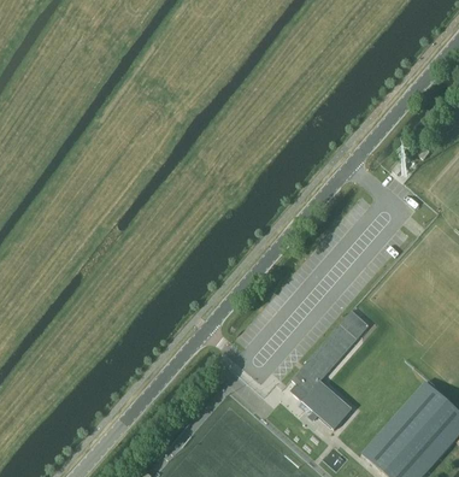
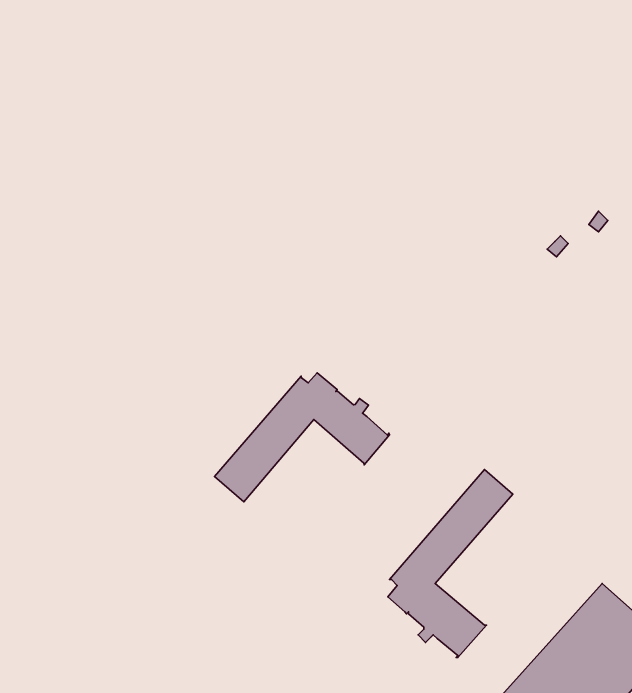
building: none -> [214,373,389,502]

